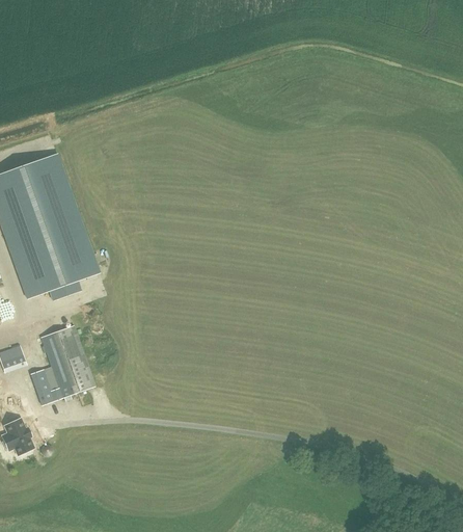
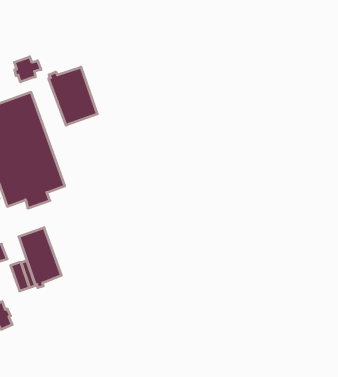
building: none -> [14,57,41,82]
building: none -> [49,67,97,125]

